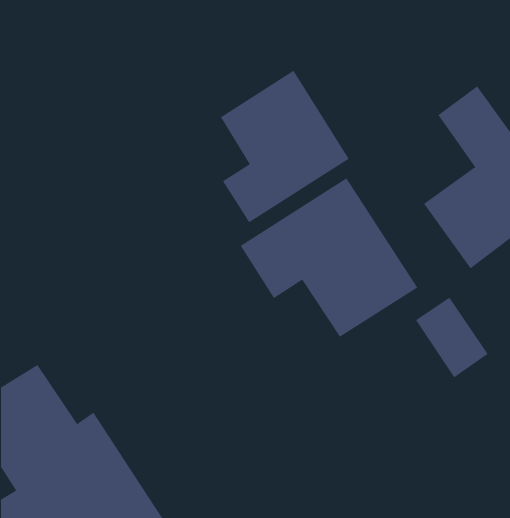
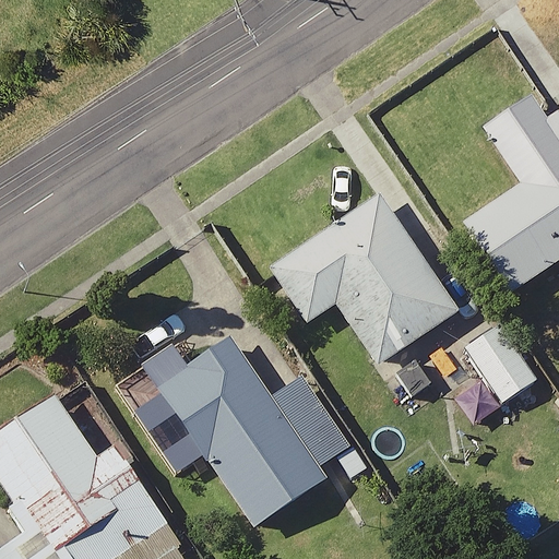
building: [220,70,349,223] -> none
building: none -> [156,340,371,526]

